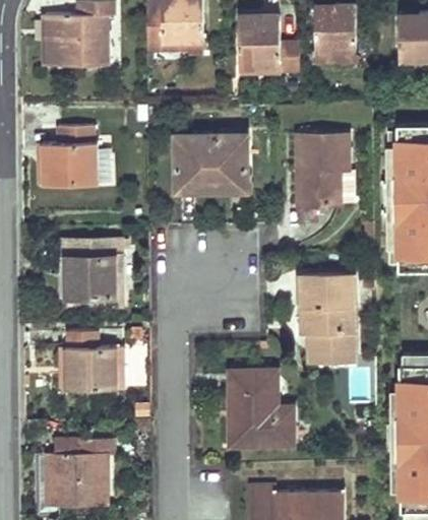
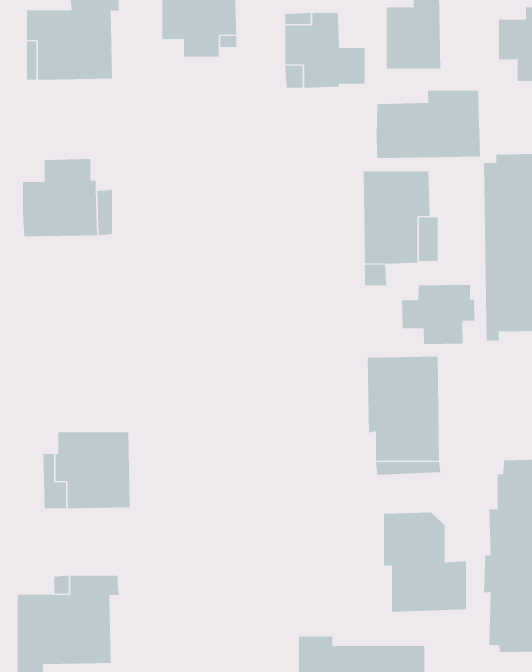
building: none -> [376,90,480,159]
building: [176,136,247,191] -> none
building: none -> [402,284,475,345]
building: [60,241,122,308] -> none
building: [230,372,293,447] -> [383,512,467,612]

